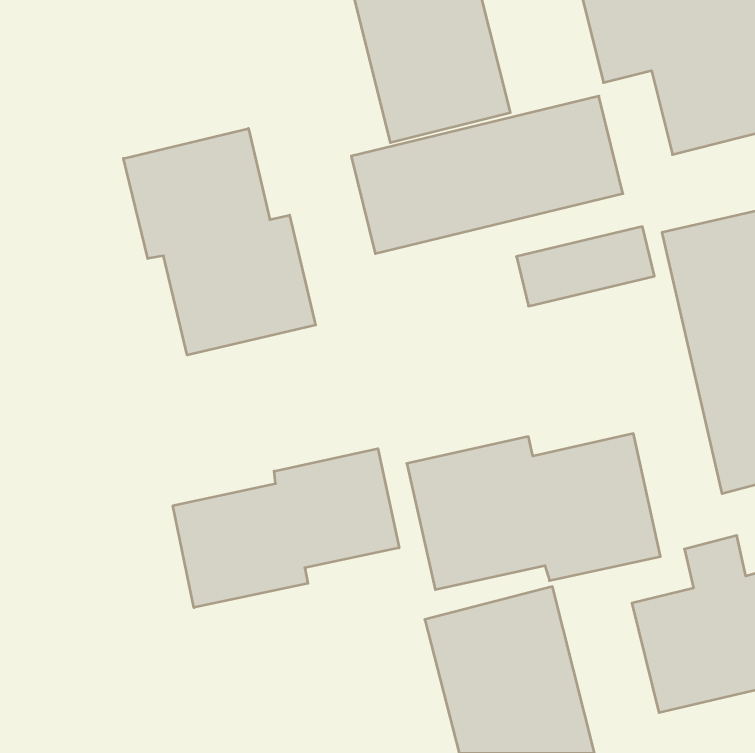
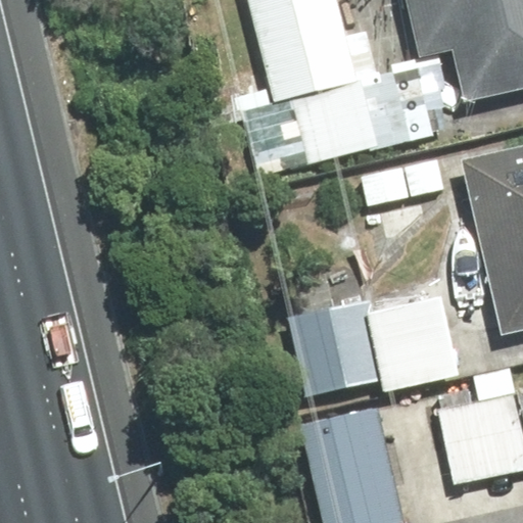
building: [123,128,316,355] -> none
building: [173,449,399,608] -> none

